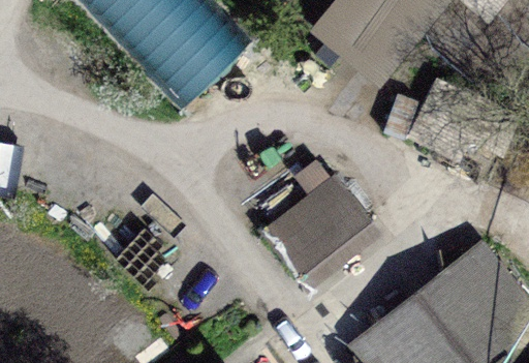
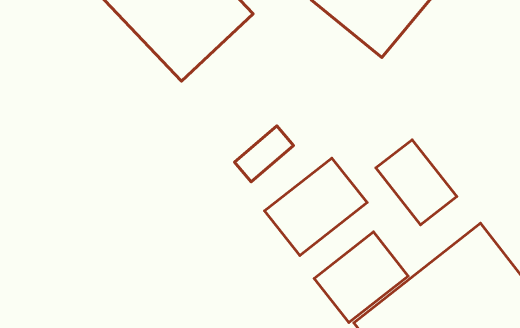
building: none -> [376,140,457,225]
building: none -> [314,232,408,323]

